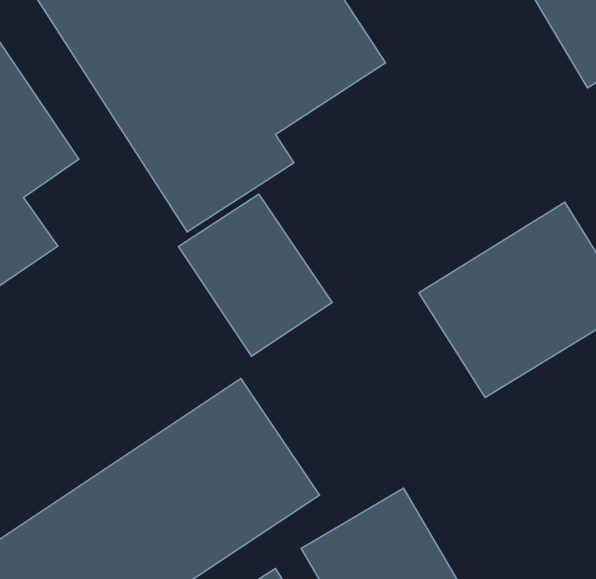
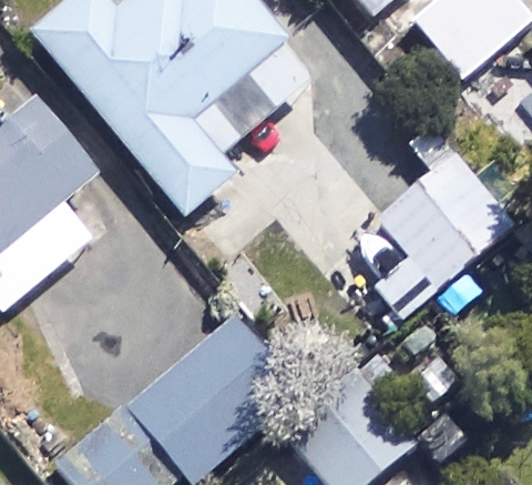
building: [178,194,332,356] -> none

